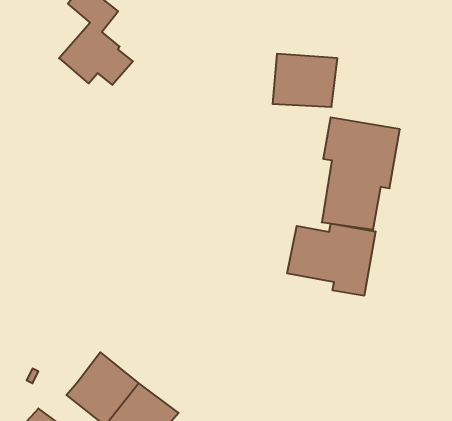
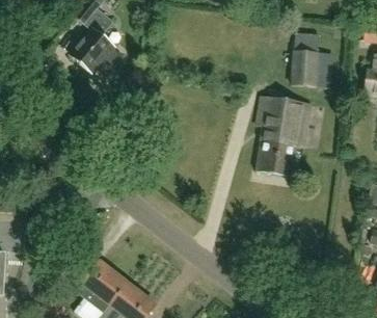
building: [273,54,337,107] -> [291,49,336,86]
building: [287,224,376,296] -> none

